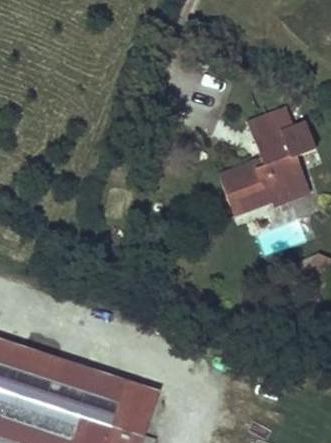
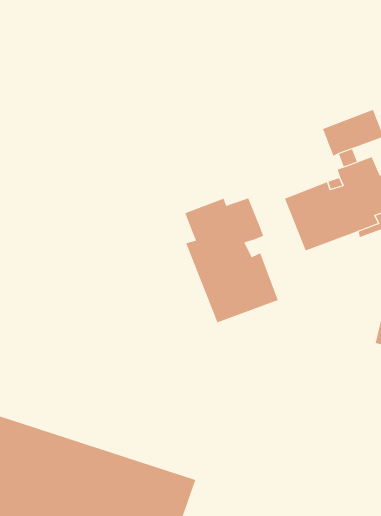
building: none -> [184,198,279,323]

